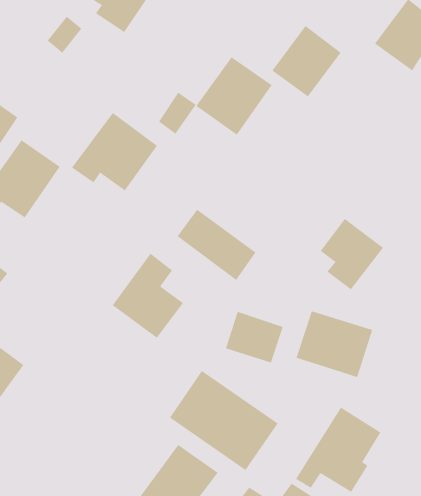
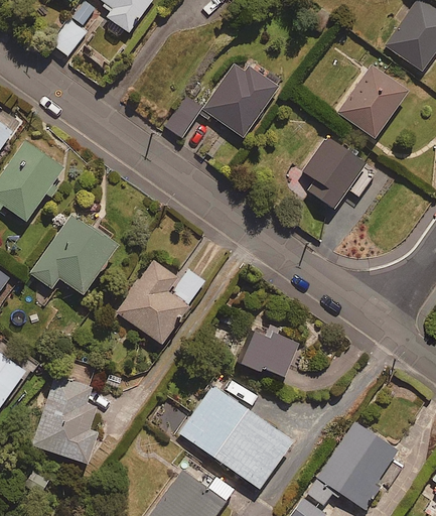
building: [272,25,342,97] -> [338,67,410,140]
building: [71,112,158,191] -> [30,218,119,298]
building: [177,209,256,281] -> none
building: [320,218,384,290] -> [302,138,368,212]
building: [296,311,373,378] -> none
building: none -> [30,378,101,467]

